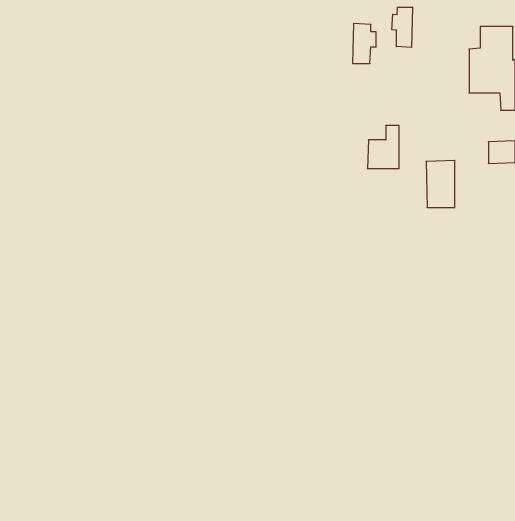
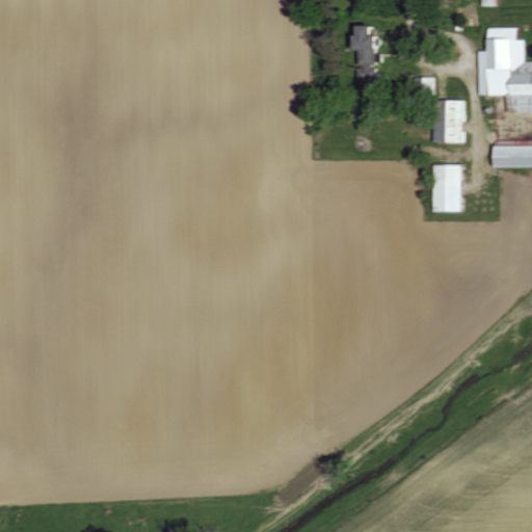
building: [392,7,412,47] -> none
building: [367,126,399,169] -> [431,100,463,143]

